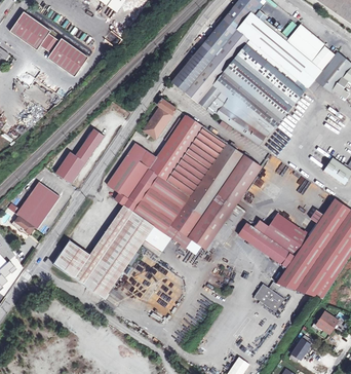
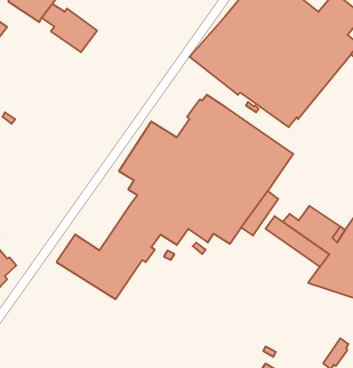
building: [144,98,176,138] -> none
building: [55,127,105,183] -> none
building: [16,181,61,233] -> none
building: [254,284,285,311] -> none

